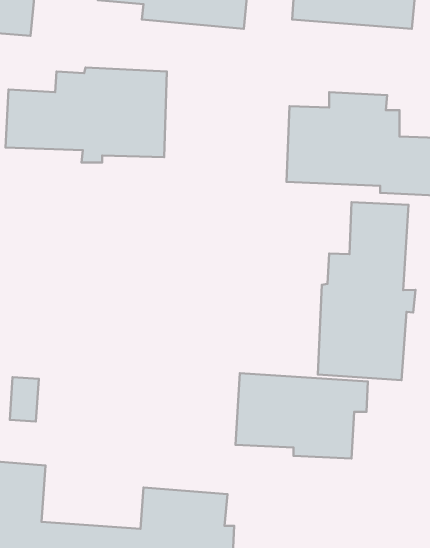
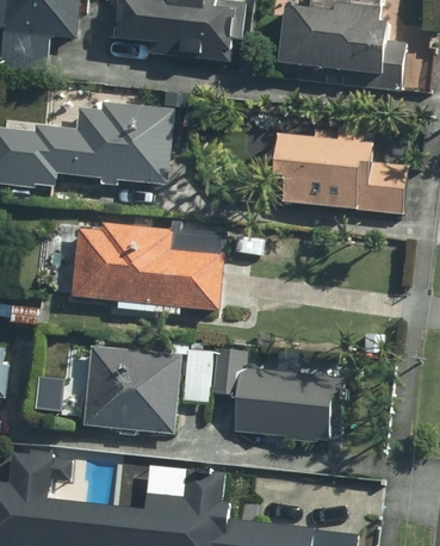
building: [318,202,415,380] -> none
building: none -> [69,223,223,311]
building: none -> [86,345,223,428]

